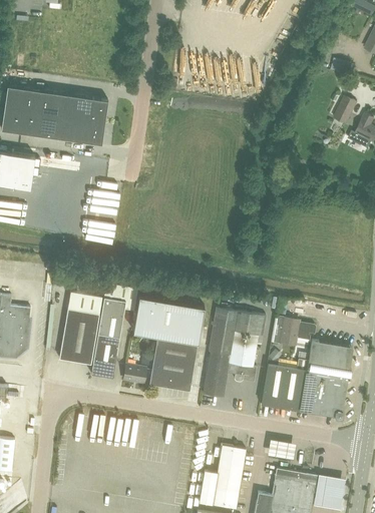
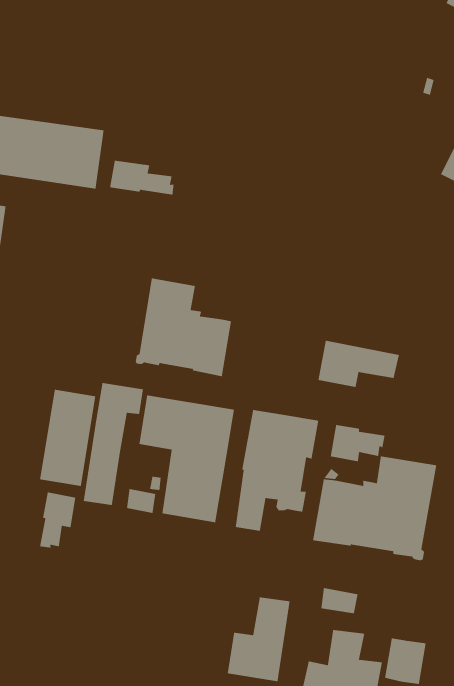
building: [333,96,357,124] -> none
building: none -> [109,160,175,196]
building: none -> [135,278,232,377]
building: none -> [317,340,400,388]
building: none -> [39,492,76,549]

